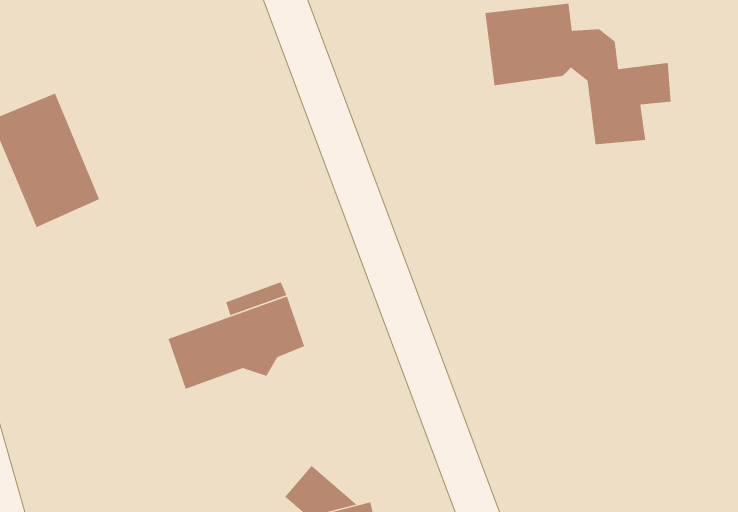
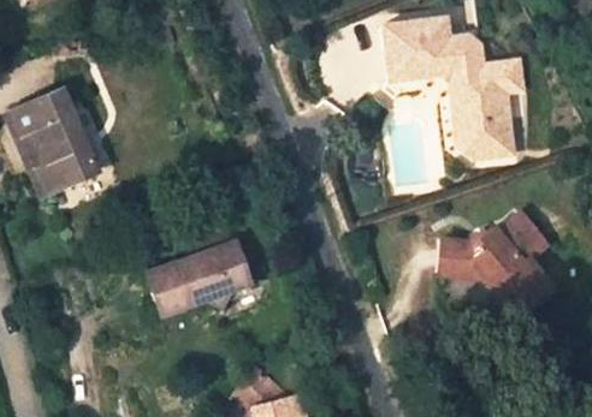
building: none -> [442,71,515,165]
building: none -> [438,216,555,318]

